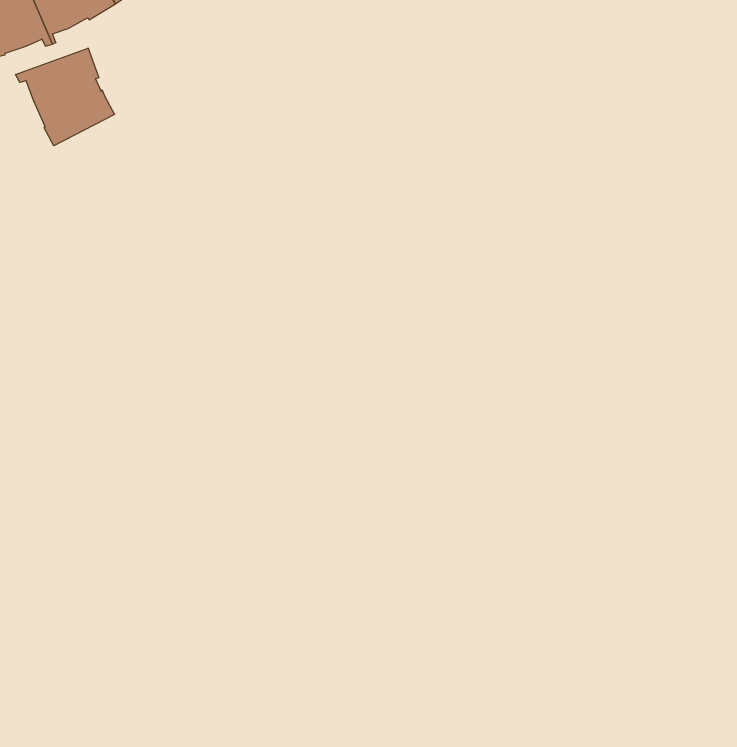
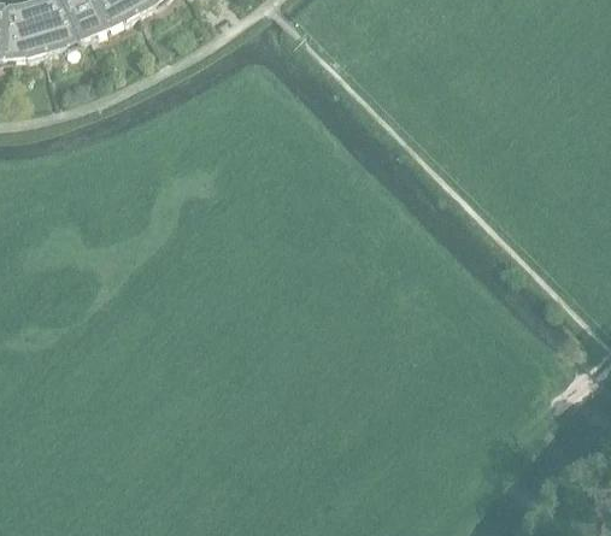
building: [16,48,115,146] -> none

